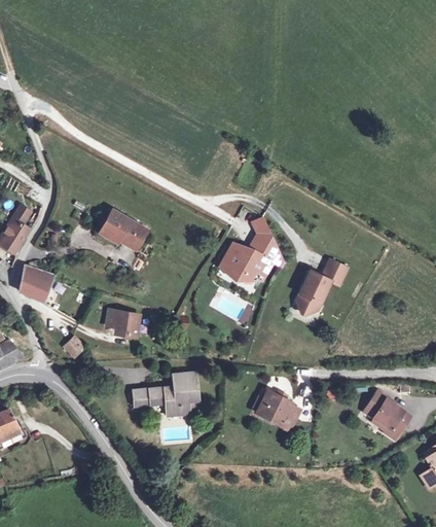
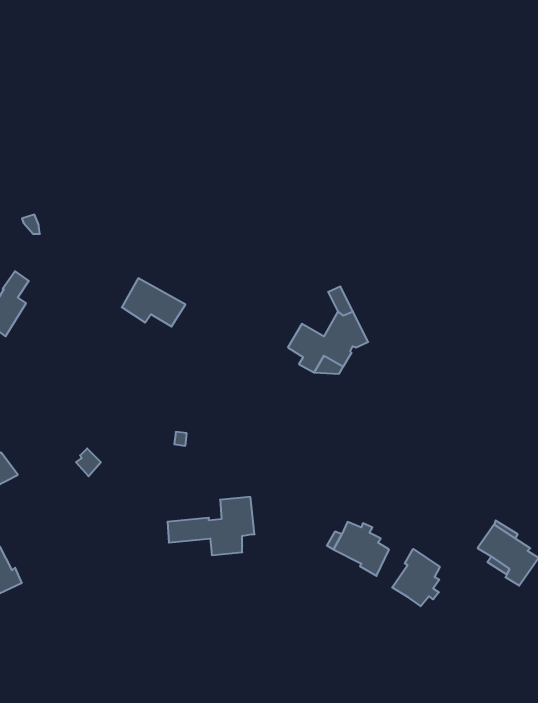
building: [296,259,347,314] -> none
building: [19,266,51,301] -> none
building: [105,310,138,337] -> none
building: none -> [392,549,440,606]

